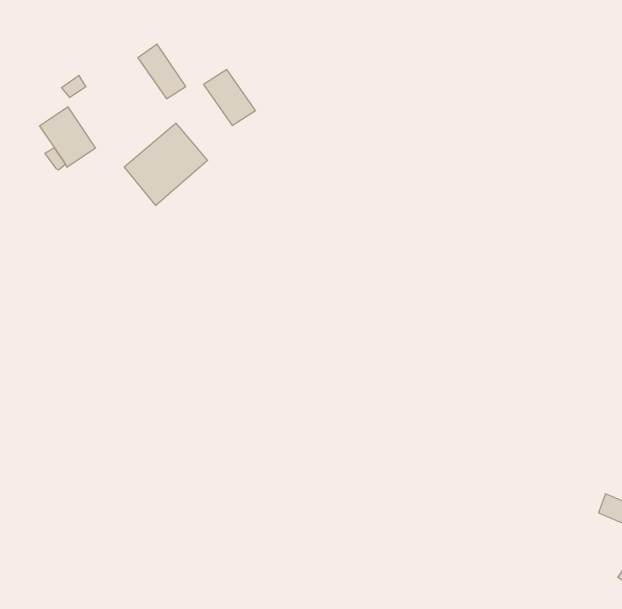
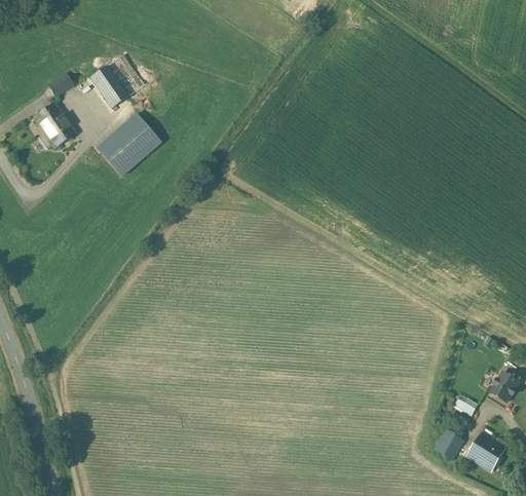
building: [204,70,256,126] -> [89,65,128,107]
building: none -> [435,429,463,458]

